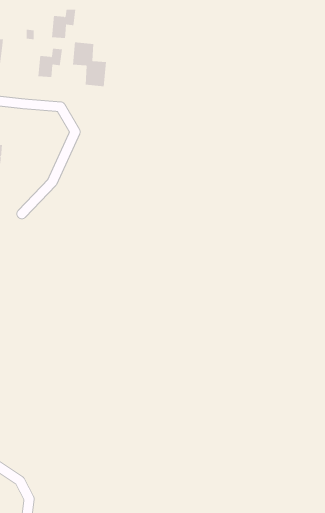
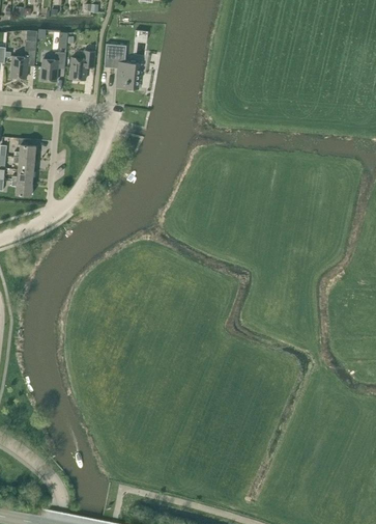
building: [51,9,76,39] -> [40,52,65,81]

